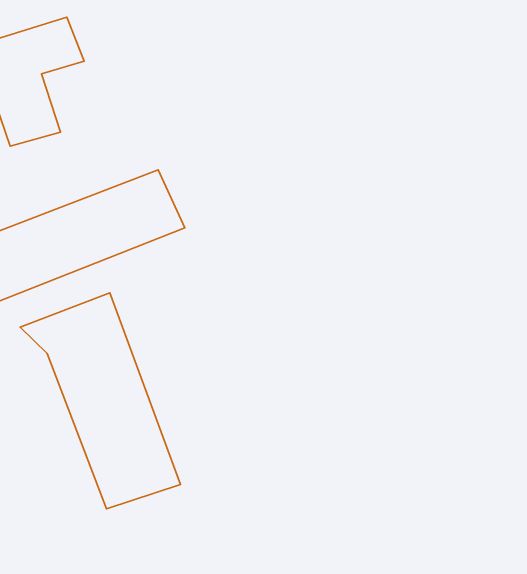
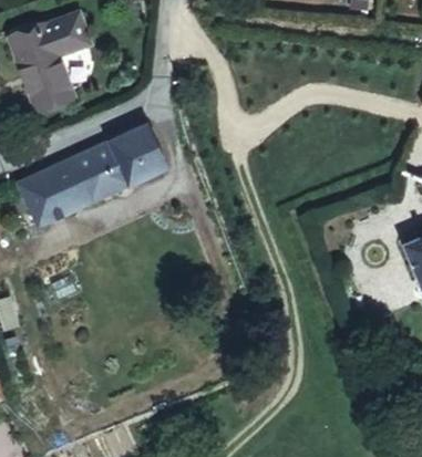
building: [20,293,180,509] -> none

